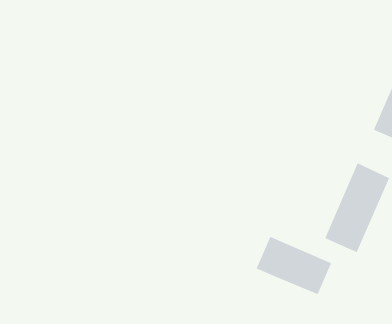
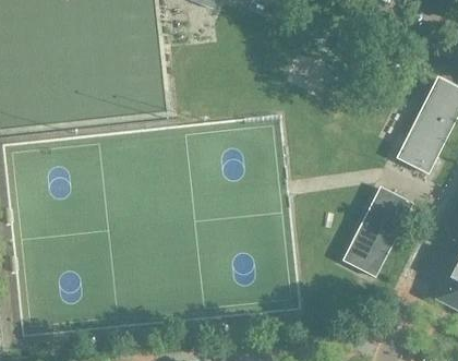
building: [255,236,332,295] -> none

